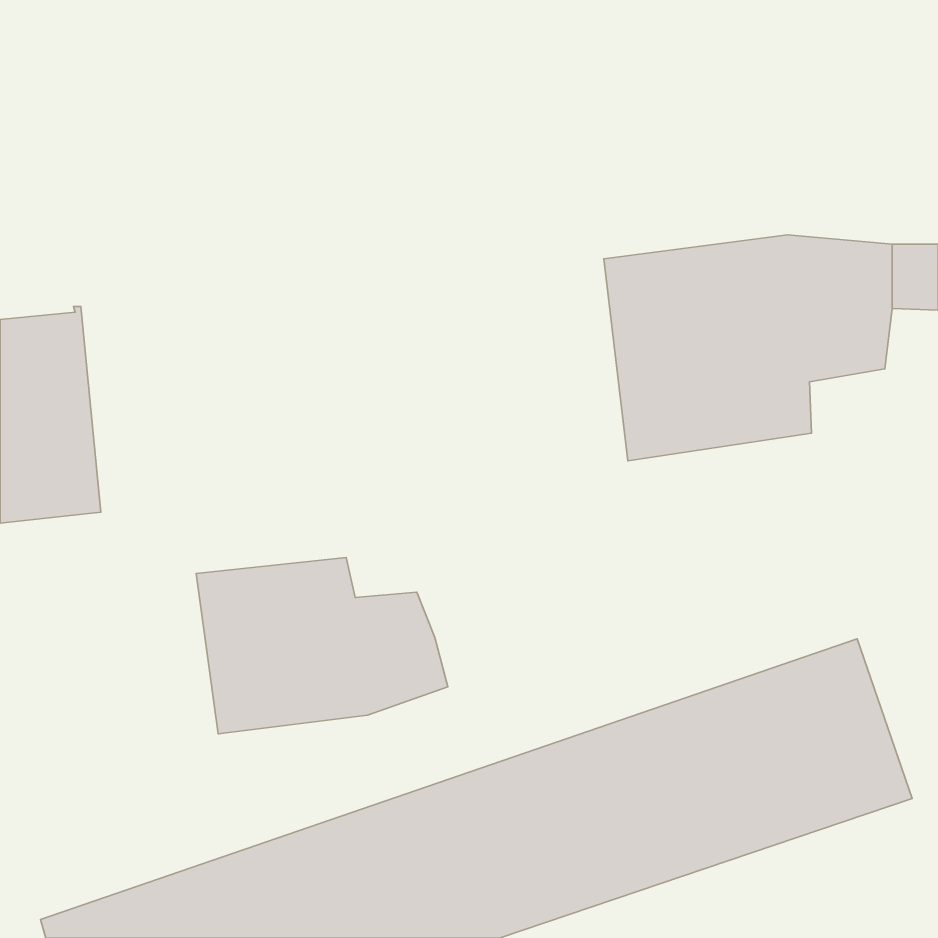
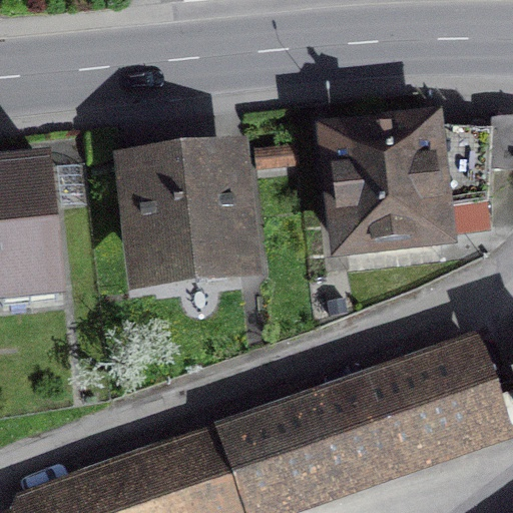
building: none -> [137,163,251,280]
building: [196,558,448,734] -> none

